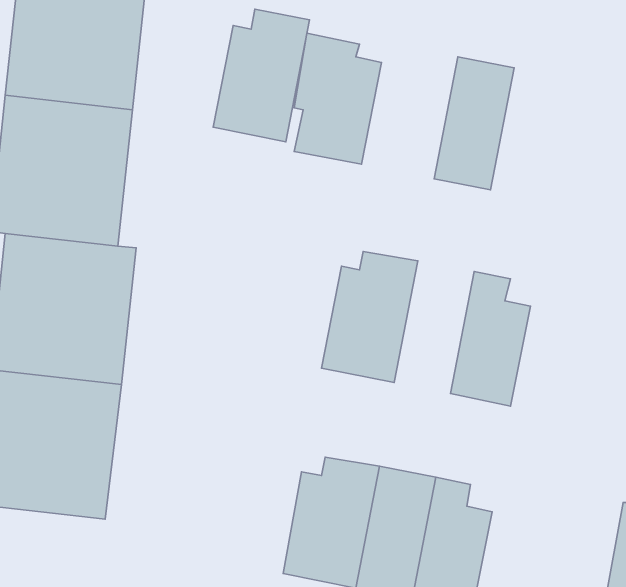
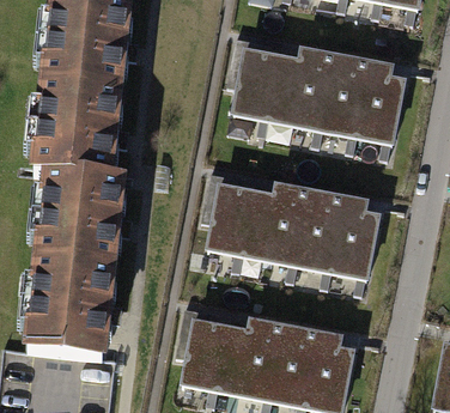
building: [213,9,309,142] -> [273,45,336,133]
building: none -> [358,60,411,147]
building: none -> [202,175,260,257]
building: none -> [294,187,347,274]
building: none -> [176,310,233,393]

